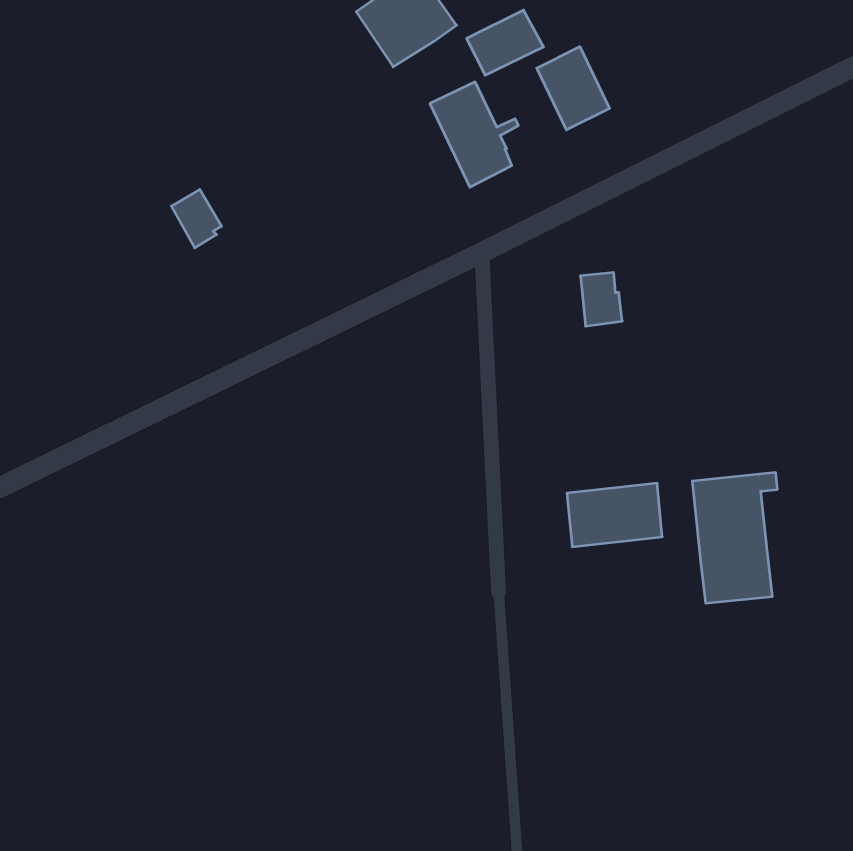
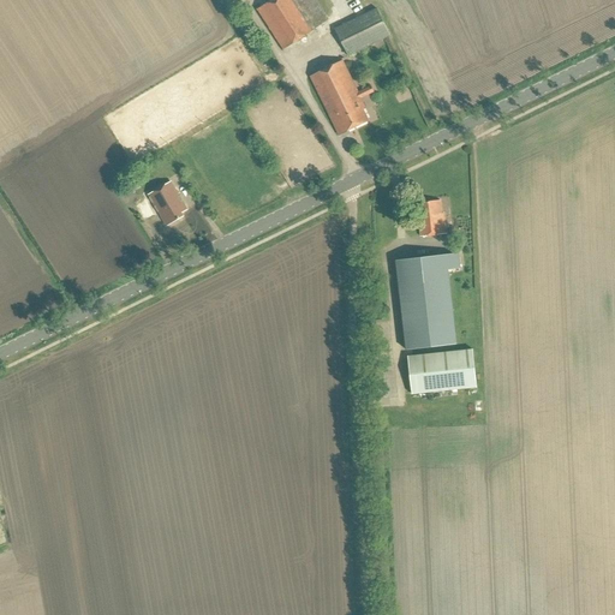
building: [537,47,610,130] -> none
building: [171,189,222,248] -> [149,181,185,223]
building: [692,473,777,603] -> [396,253,458,347]

